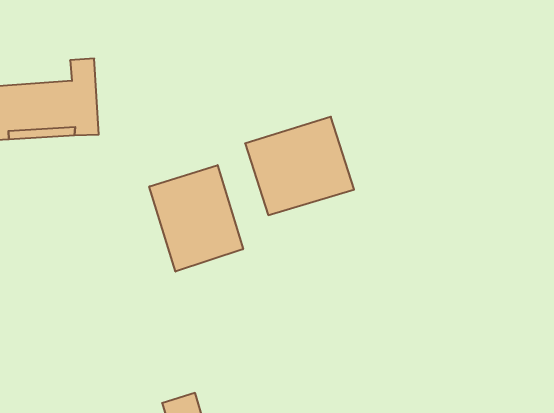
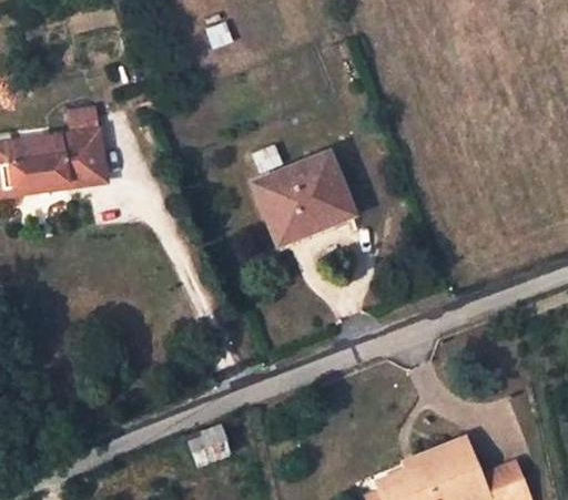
building: [149,165,243,272] -> none

